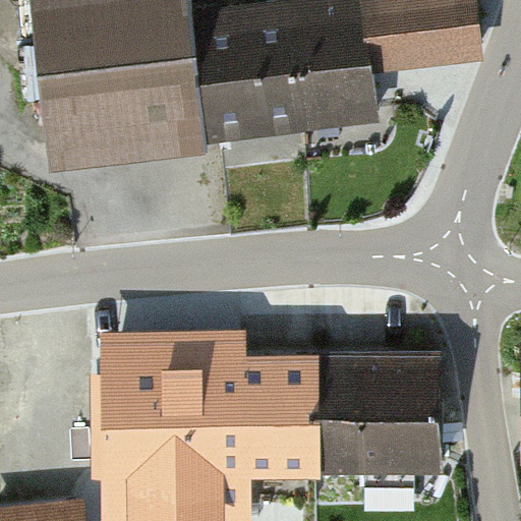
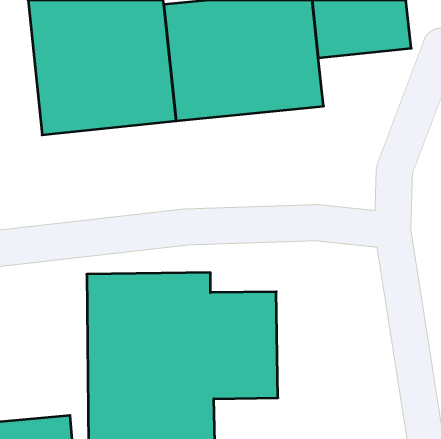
building: [321,347,436,472] -> none

